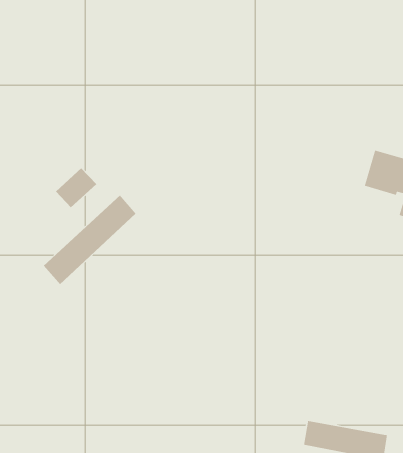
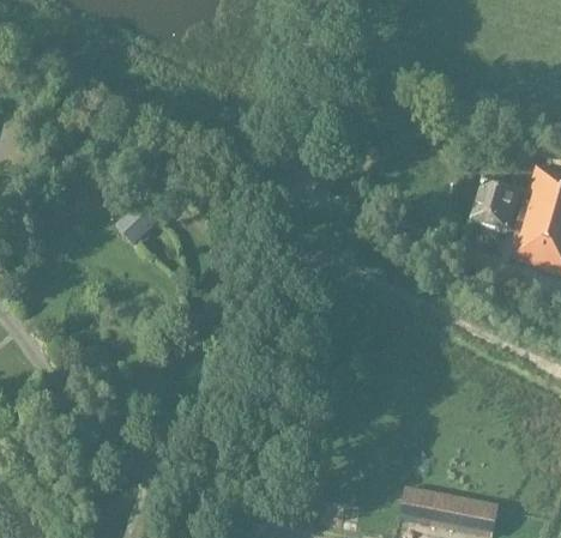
building: [43,195,137,285] -> none

